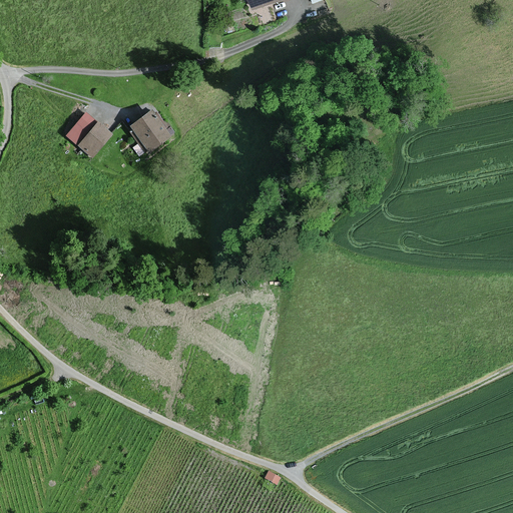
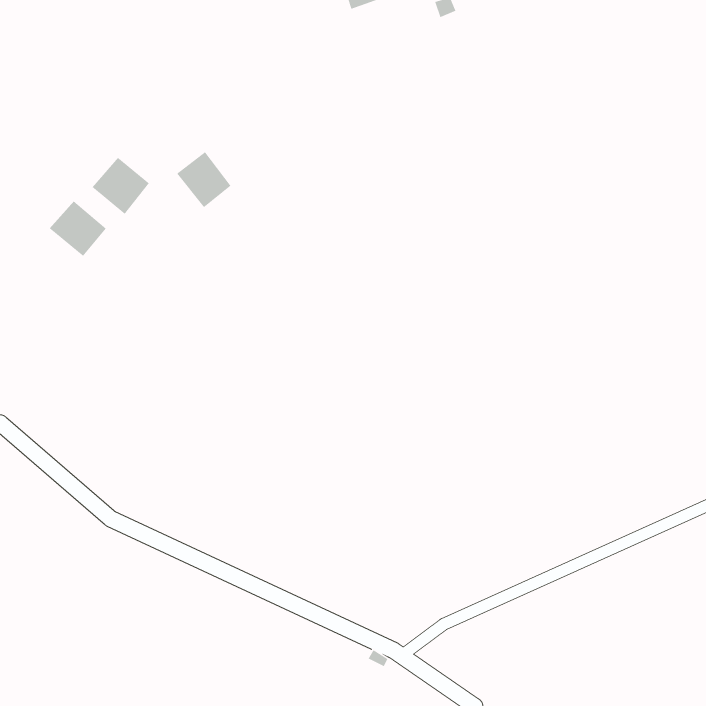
building: none -> [49,200,107,257]

